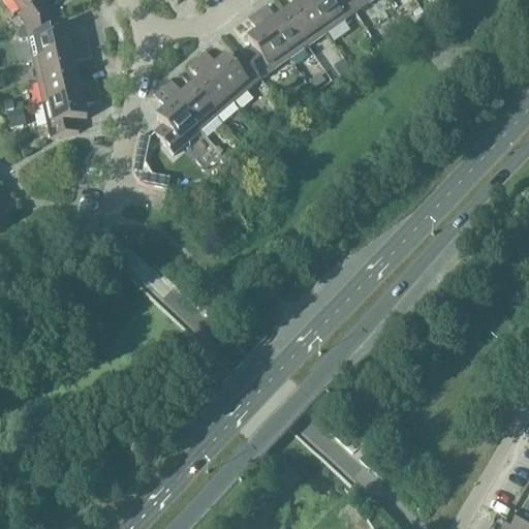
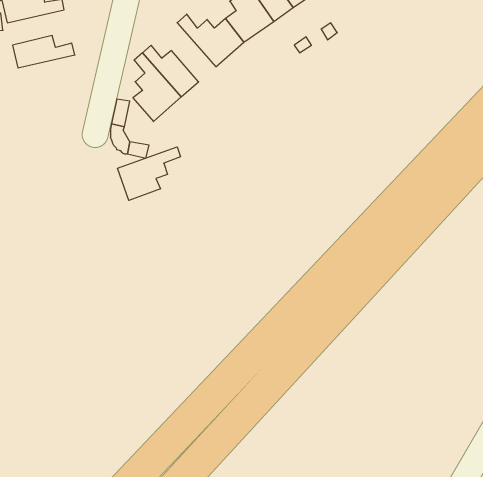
building: [34,44,91,79] -> none
building: [189,57,235,114] -> none
building: [44,88,101,135] -> none
building: none -> [117,147,181,200]

